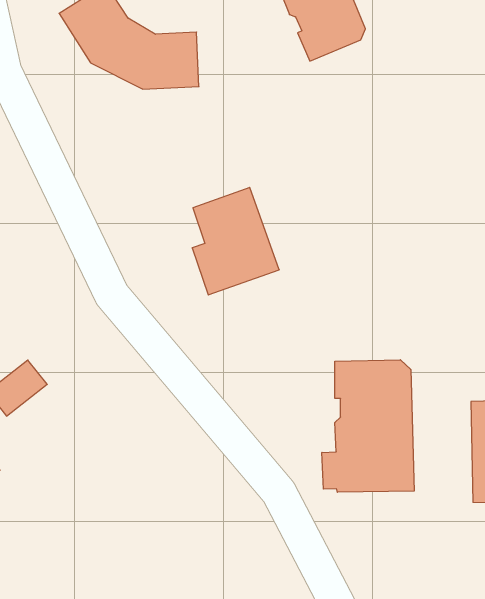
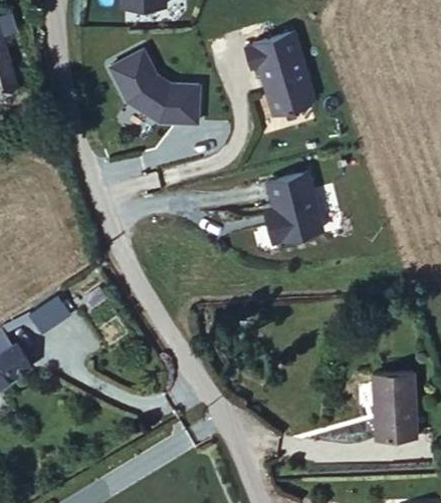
building: [192,187,279,295] -> [270,174,327,243]
building: [322,360,414,492] -> none

